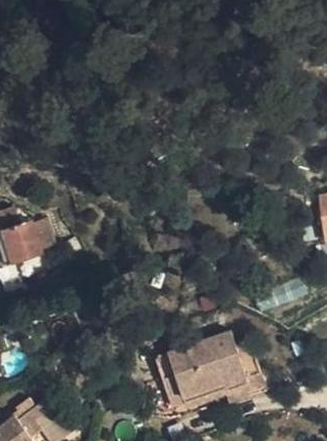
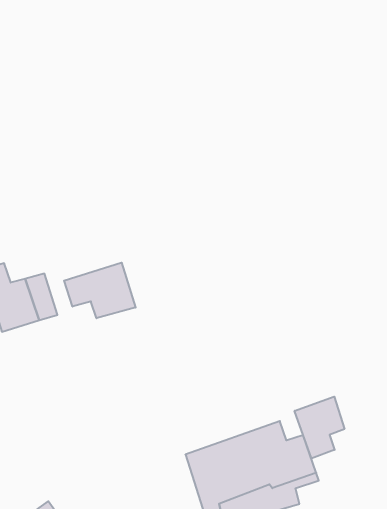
building: none -> [64,263,136,318]
building: none -> [295,397,344,458]

